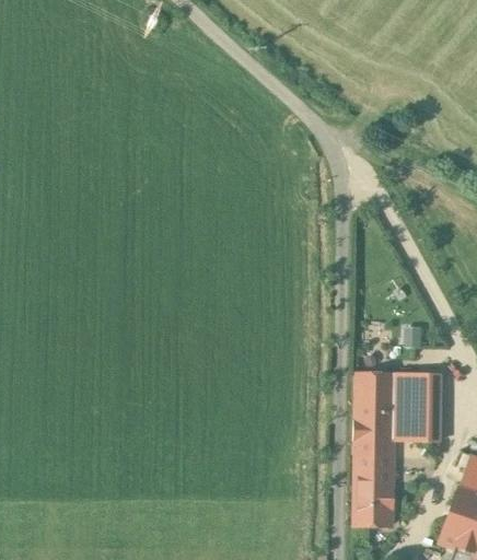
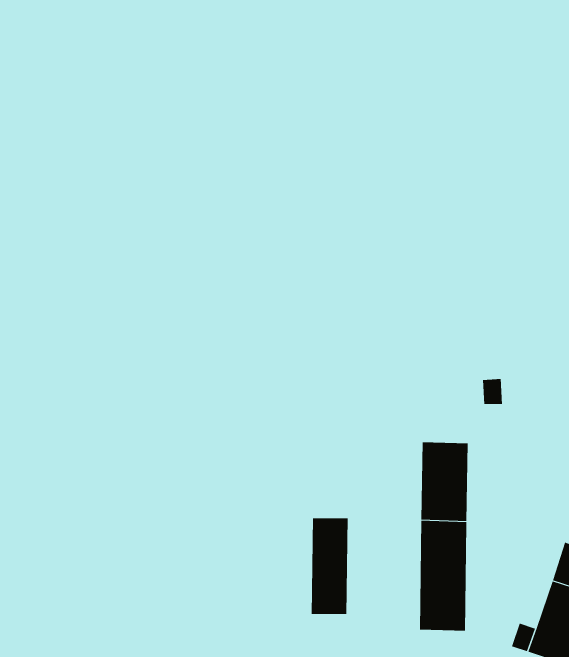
building: [393,373,440,441] -> none
building: none -> [311,517,348,615]

